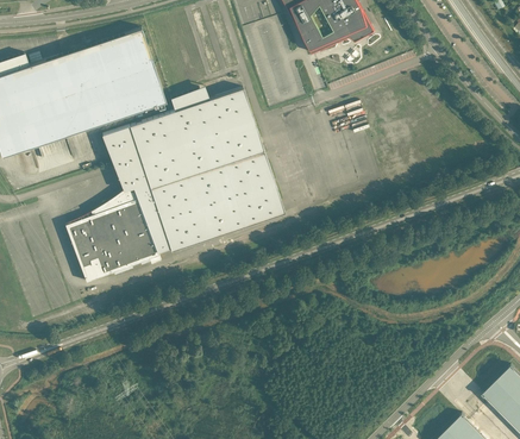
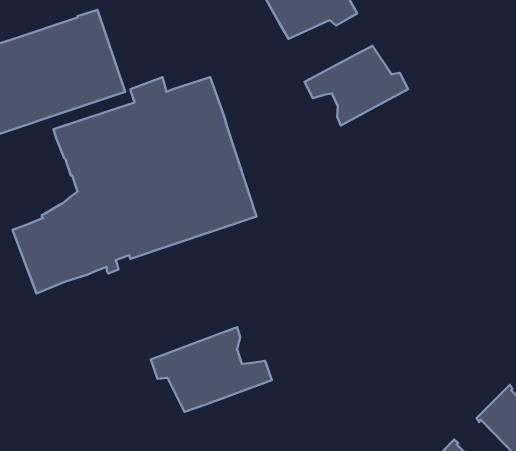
building: none -> [304,46,408,125]
building: none -> [151,327,272,412]

